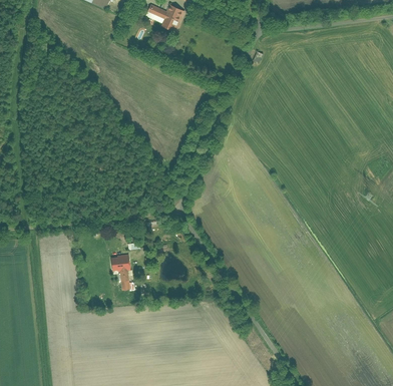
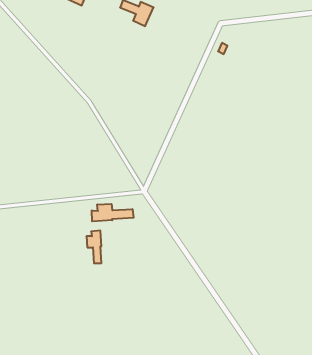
building: none -> [92,204,134,221]

